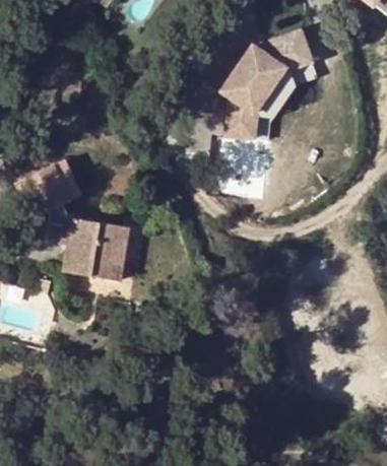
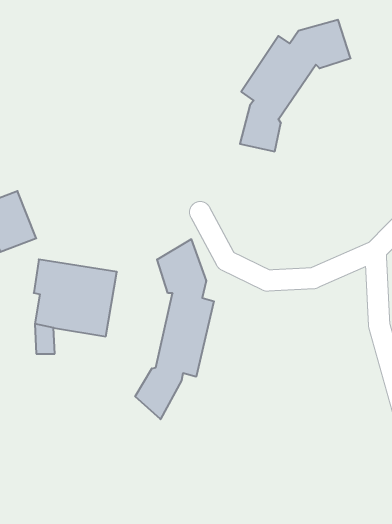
building: none -> [135,239,214,419]

